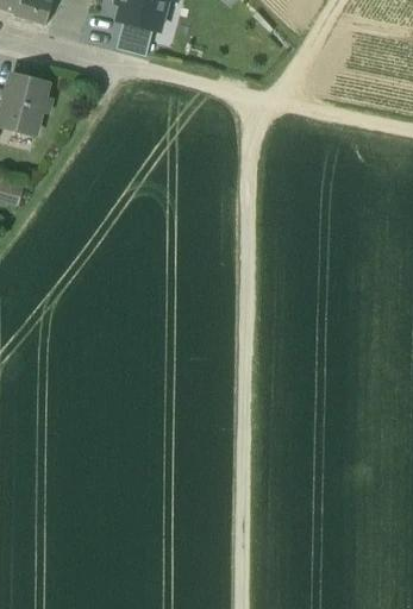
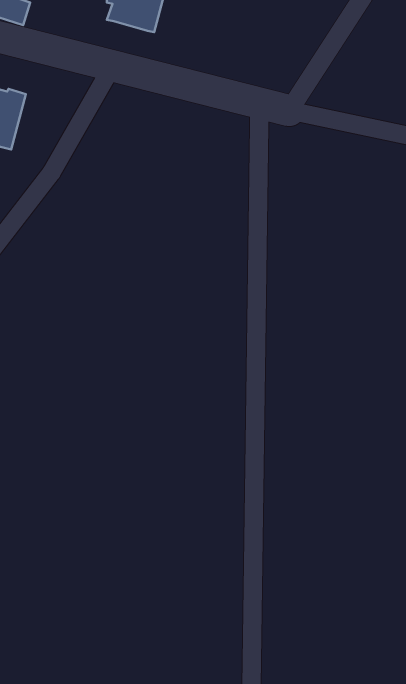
building: [115,19,152,54] -> none

